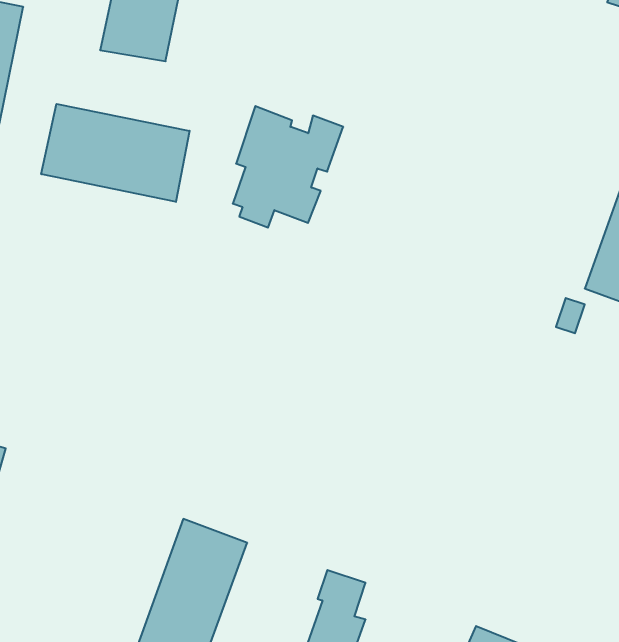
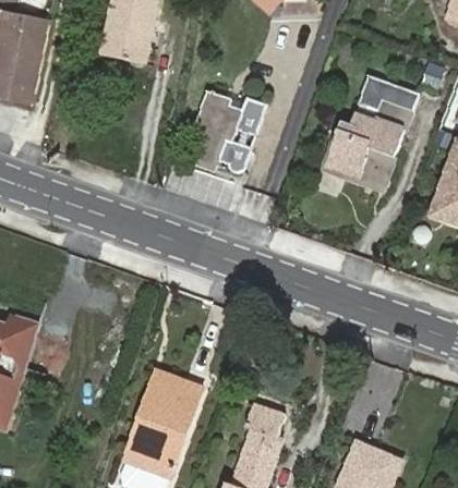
building: none -> [324,76,415,184]
building: [41,104,190,202] -> none

